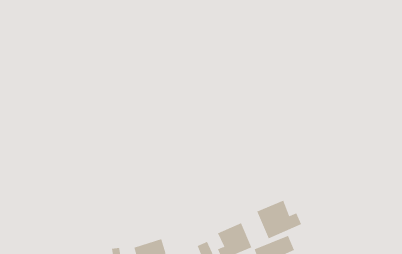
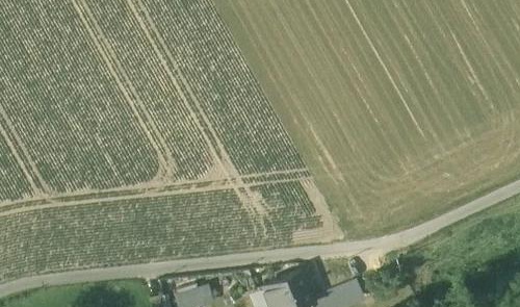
building: [256,200,302,239] -> none

